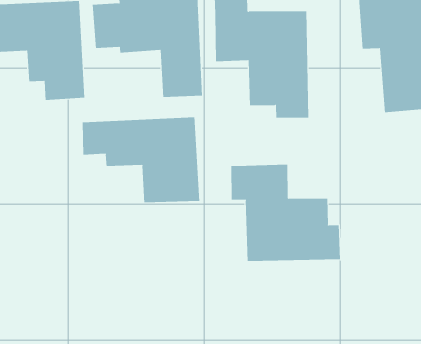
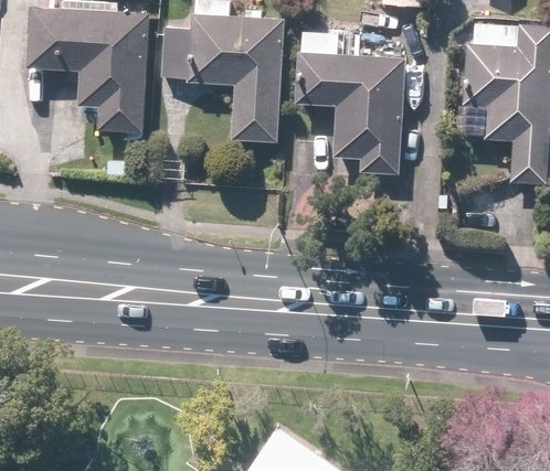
building: [82,116,200,203] -> none
building: [231,164,340,262] -> none

